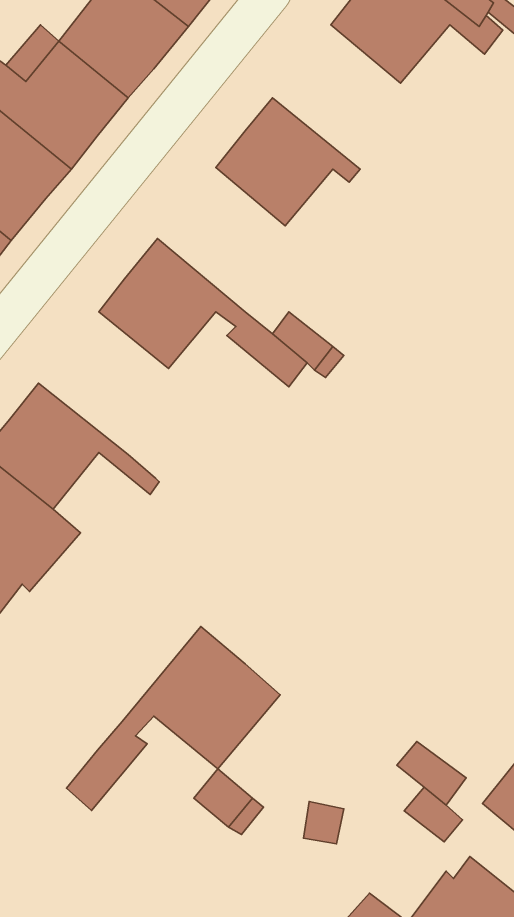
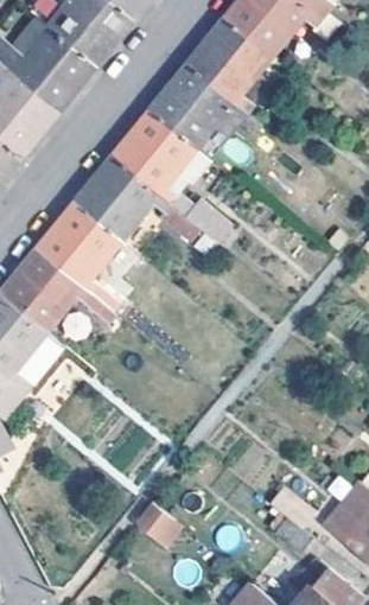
building: none -> [187,18,271,112]
building: none -> [113,110,211,204]
building: none -> [36,204,120,312]
building: [67,627,280,811] -> none

